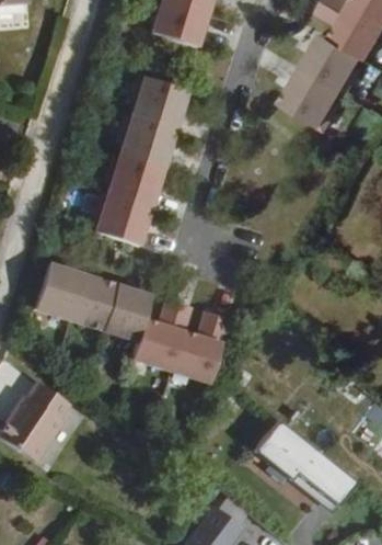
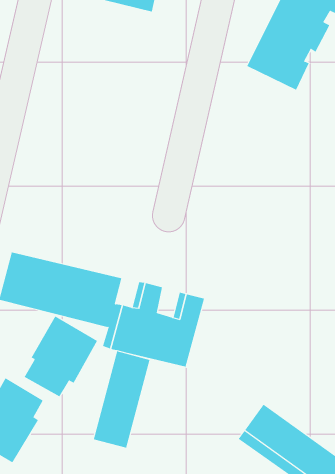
building: [93,70,189,243] -> none
building: none -> [24,316,98,397]
building: none -> [93,351,150,449]

